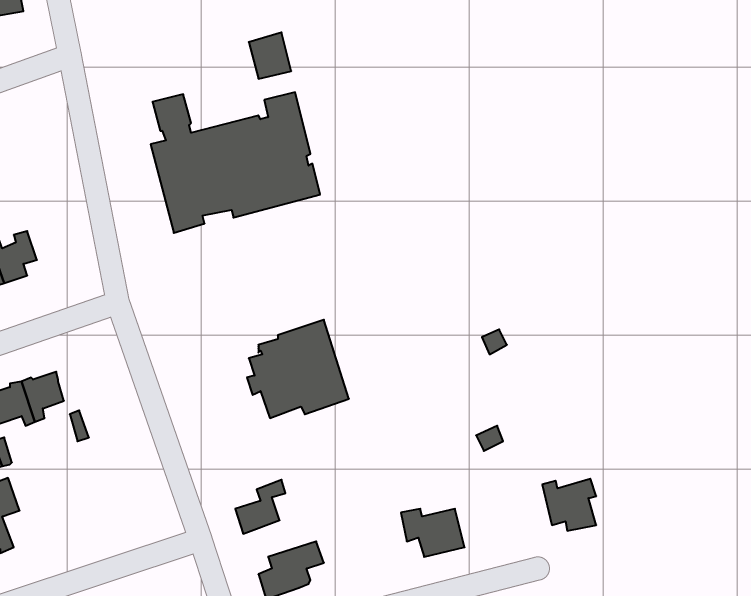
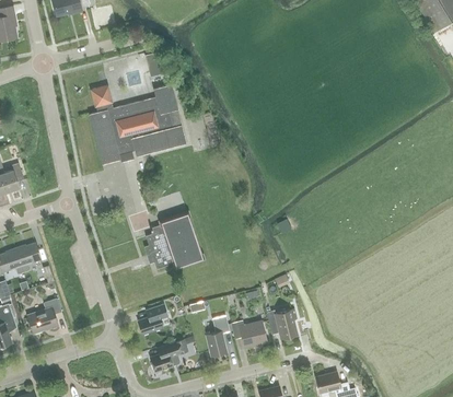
building: none -> [27,299,61,332]
building: [542,479,596,531] -> [266,308,297,338]
building: none -> [205,315,229,357]

